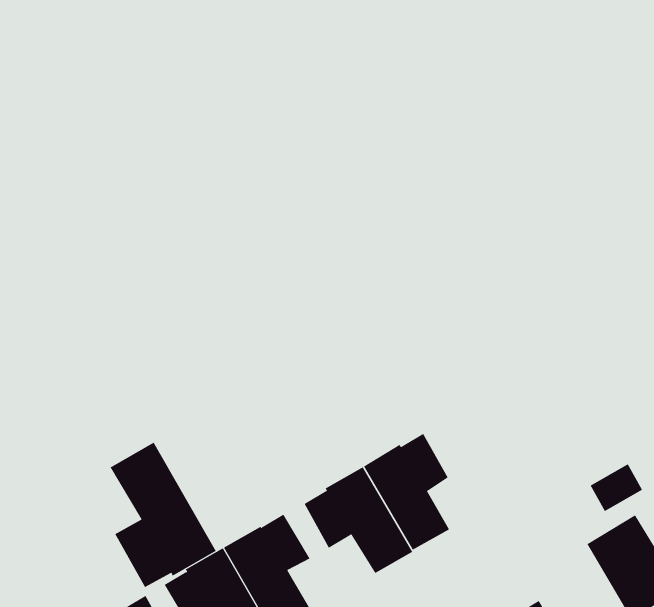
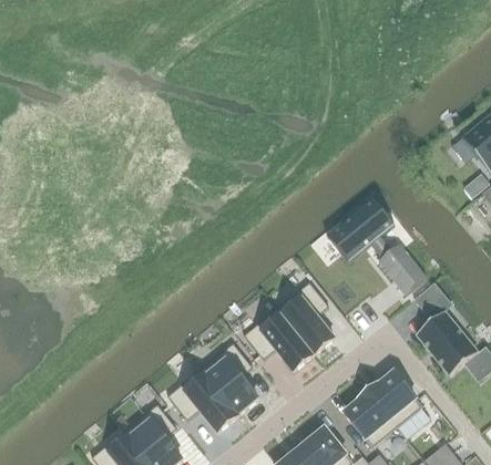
building: none -> [326,198,427,292]
building: [110,442,217,588] -> none

